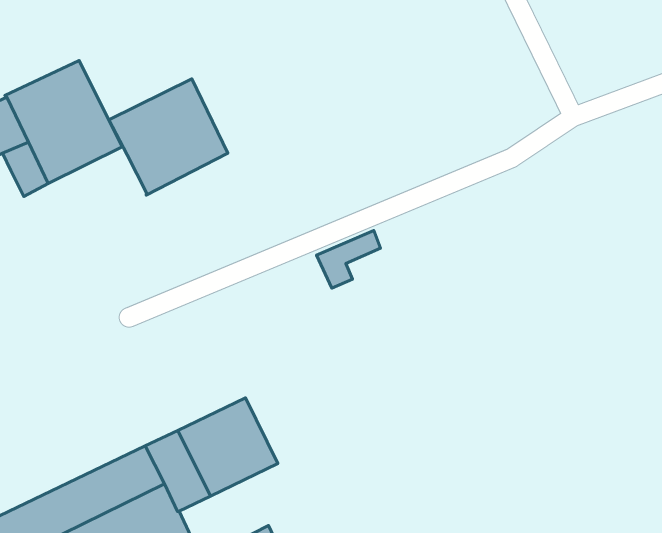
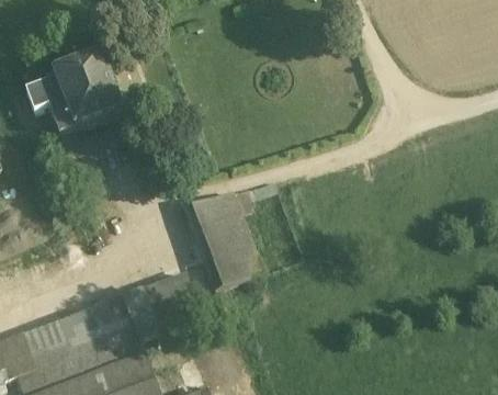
building: [109,79,228,195] -> none
building: none -> [182,188,262,285]

